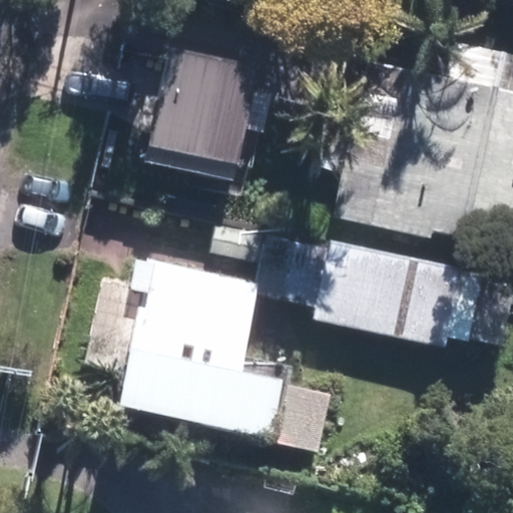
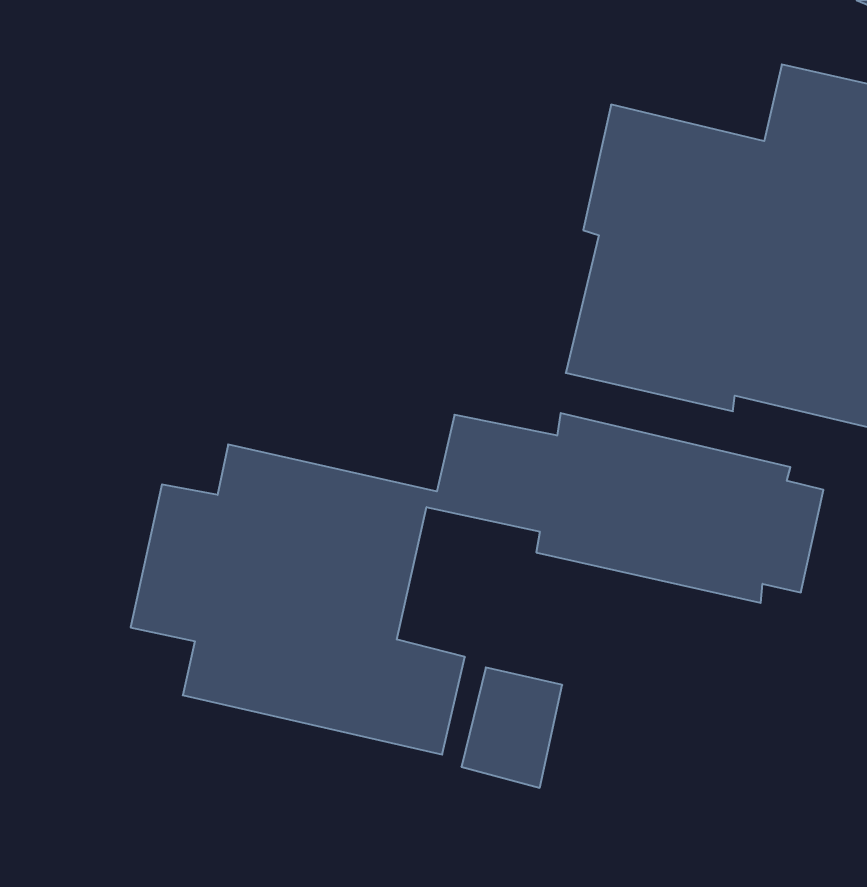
building: [177,60,269,167] -> none

